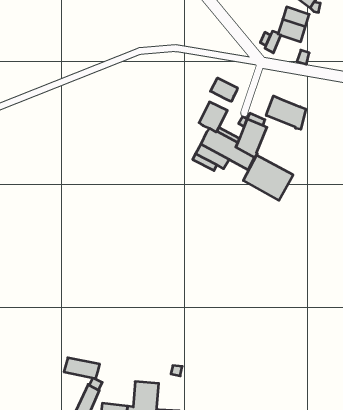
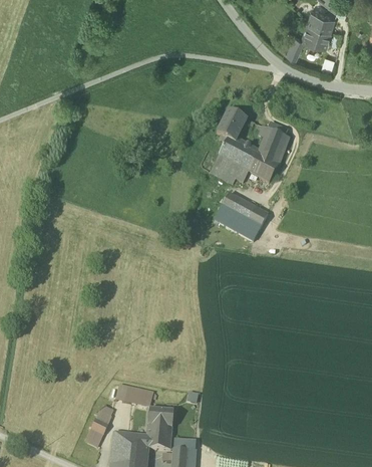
building: [210,78,237,101] -> none
building: [266,96,306,129] -> none
building: [243,155,293,200] -> [215,192,268,240]
building: [64,358,100,378] -> [115,384,153,406]

